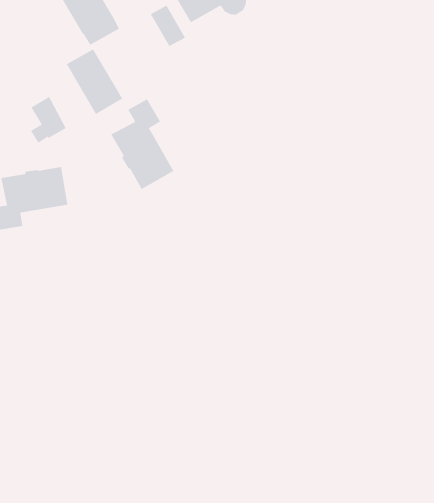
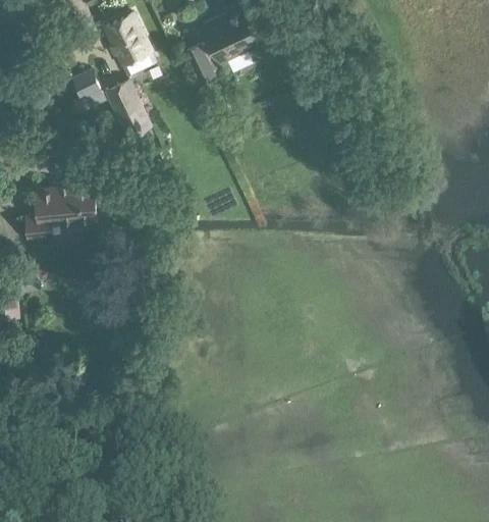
building: [30,96,67,144] -> [69,69,103,112]
building: [111,98,174,190] -> none

